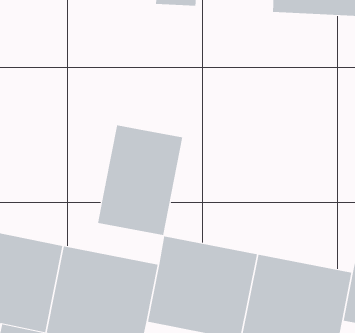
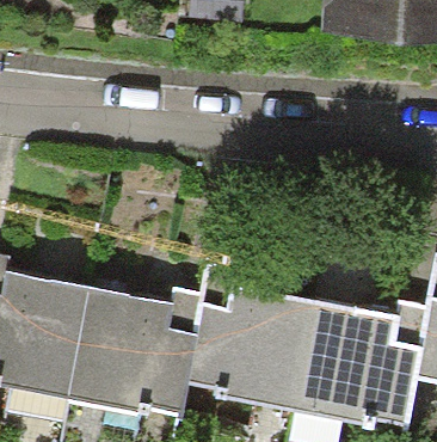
building: [98,125,183,236] -> none

